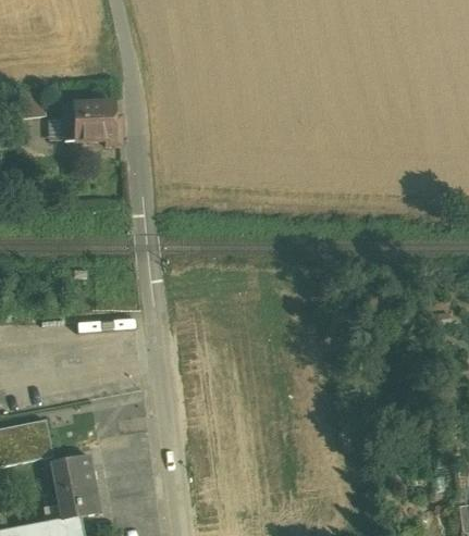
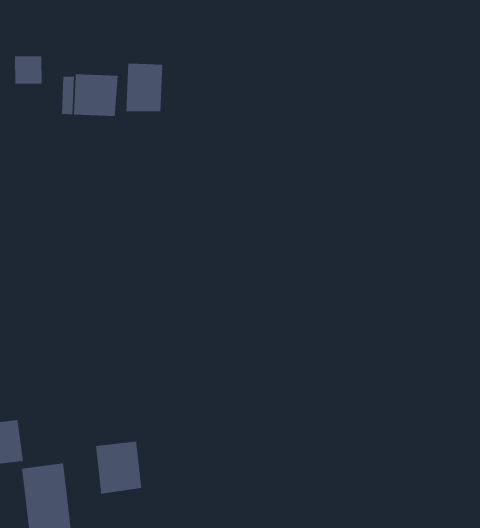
building: none -> [126,63,163,112]
building: none -> [95,441,142,494]

